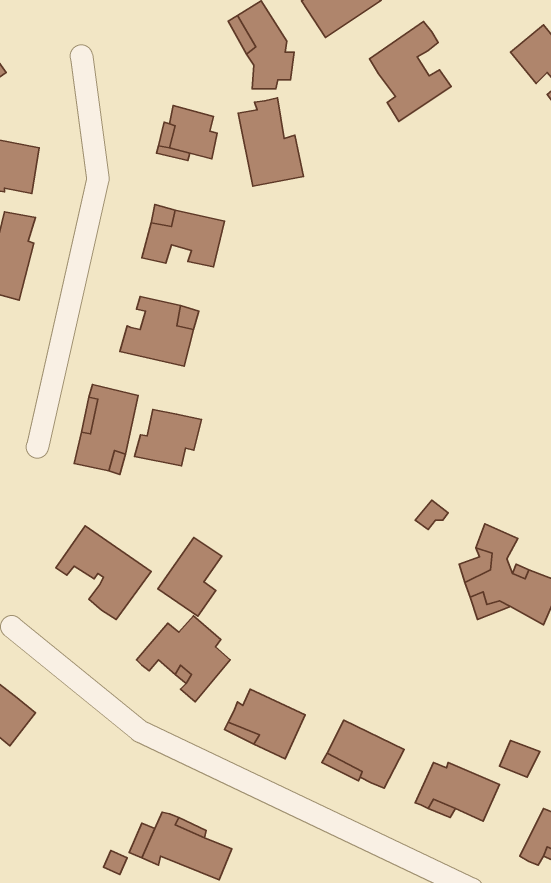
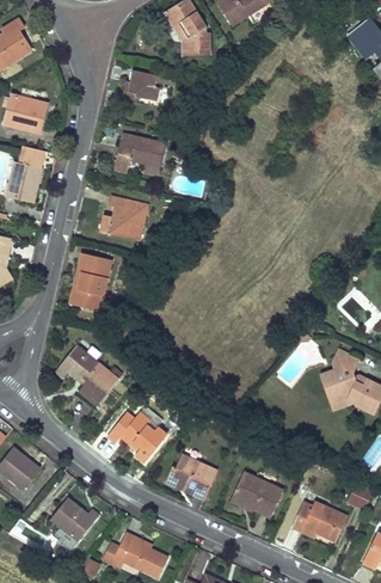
building: [369,21,451,121] -> none
building: [238,98,303,186] -> none
building: [135,409,202,466] -> none
building: [158,537,222,616] -> none
building: none -> [50,496,100,541]

